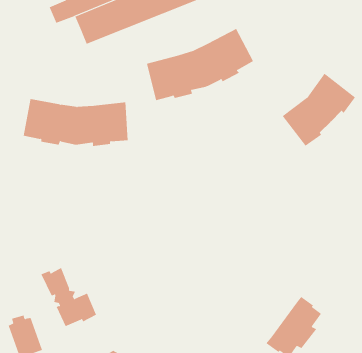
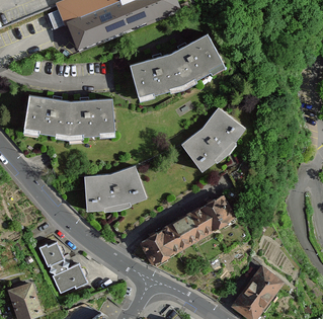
building: [282,73,356,147] -> [181,107,245,171]
building: none -> [84,166,146,211]
building: none -> [141,196,235,267]

